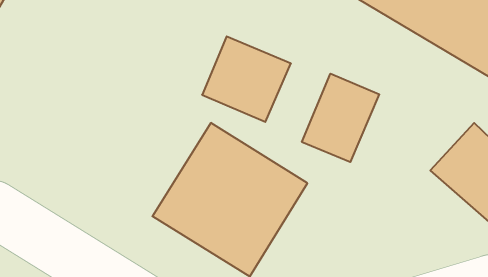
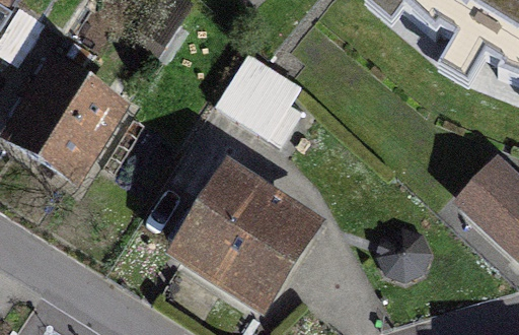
building: none -> [9,56,130,178]
building: [302,74,379,162] -> none

